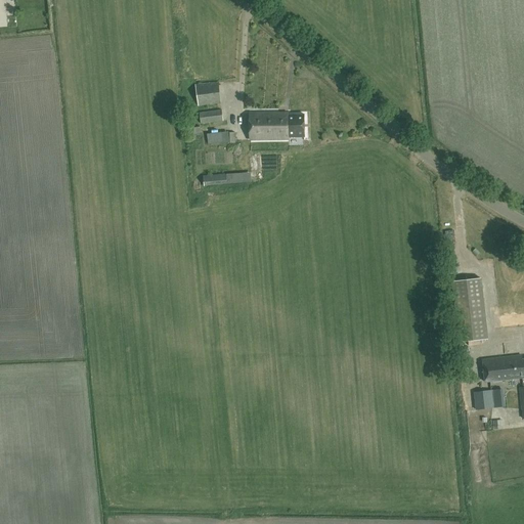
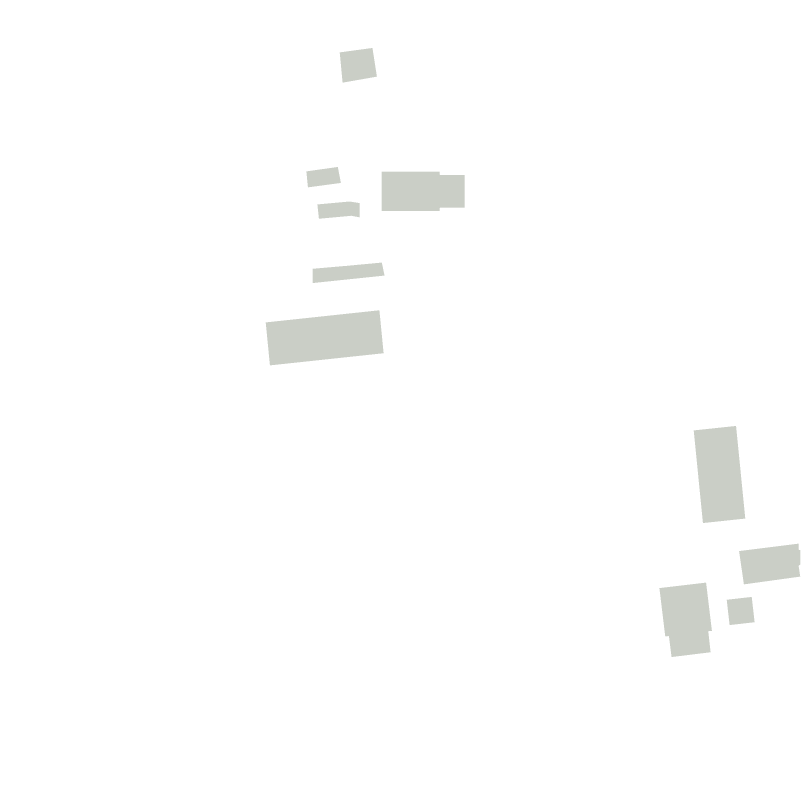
building: [195,82,221,105] -> [339,47,378,83]
building: none -> [265,309,385,366]
building: none -> [659,582,713,658]

